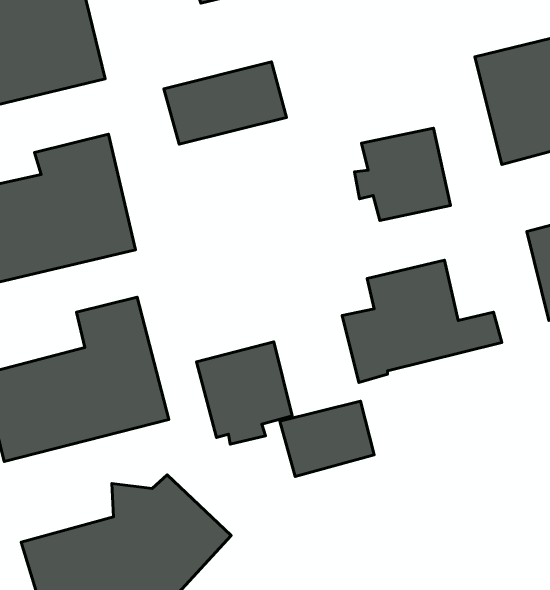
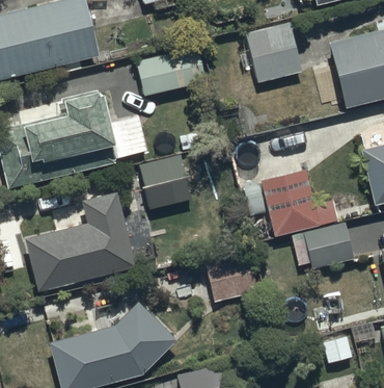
building: [355,128,450,221] -> [243,24,302,81]
building: [196,342,292,444] -> [139,152,198,215]
building: none -> [295,224,356,269]

